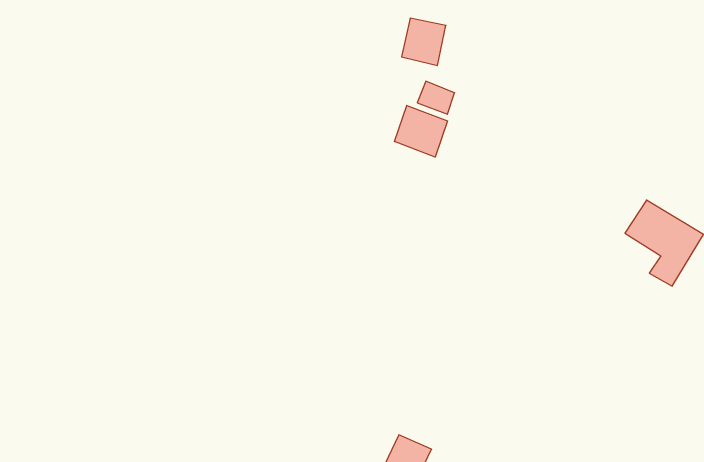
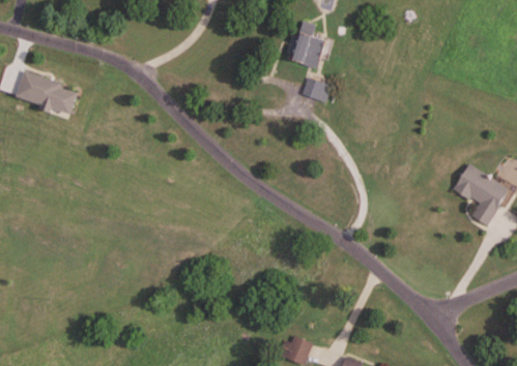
building: none -> [15,73,78,115]
building: [395,105,448,157] -> none

